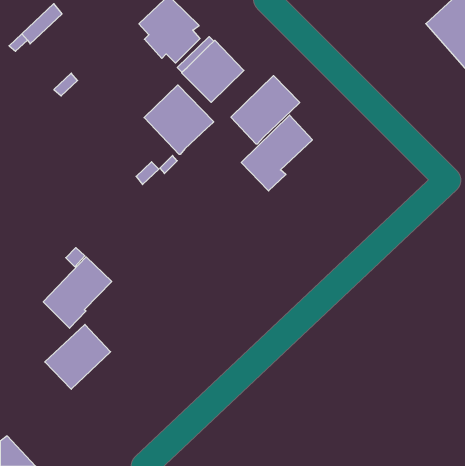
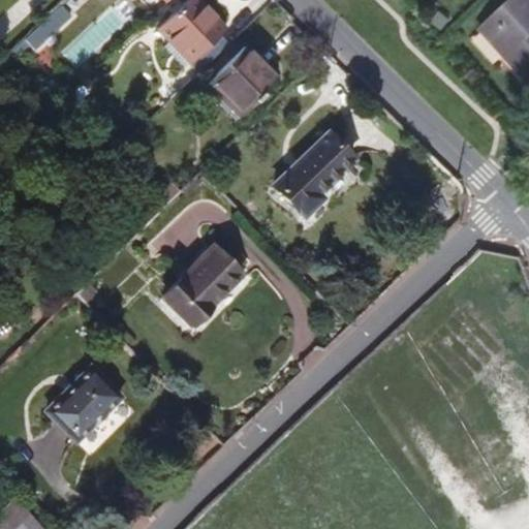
building: [231,76,300,144] -> none
building: [144,85,214,154] -> none
building: [43,257,112,328] -> [165,245,243,325]

